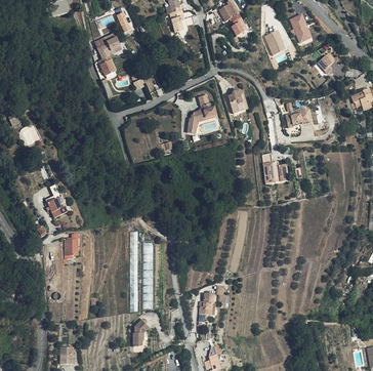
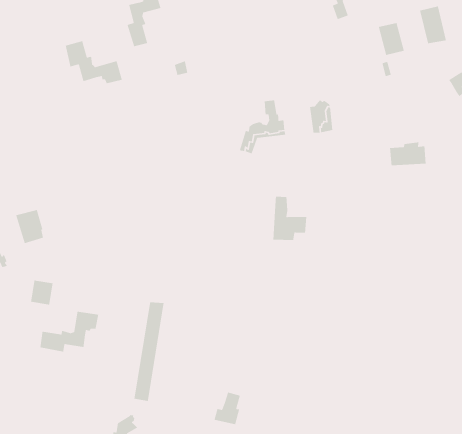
building: none -> [65,40,123,84]
building: [262,152,287,182] -> [272,196,307,241]
building: none -> [39,311,99,353]

